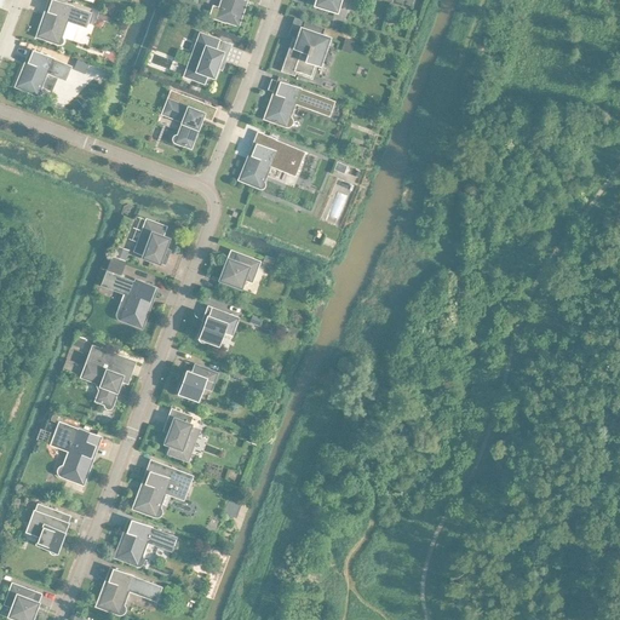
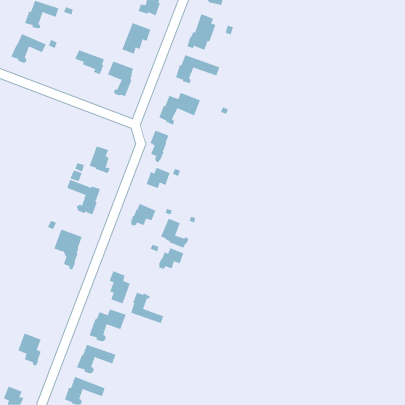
building: none -> [75,50,104,75]
building: none -> [150,130,169,163]
building: none -> [160,218,189,249]
building: [177,364,216,397] -> [159,247,184,269]
building: [50,421,96,482] -> none
building: none -> [131,292,164,324]

